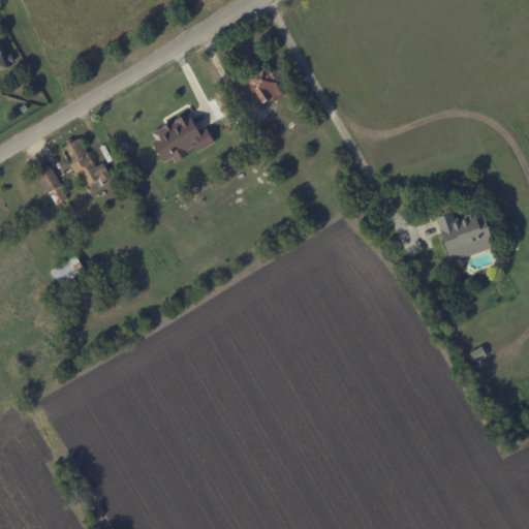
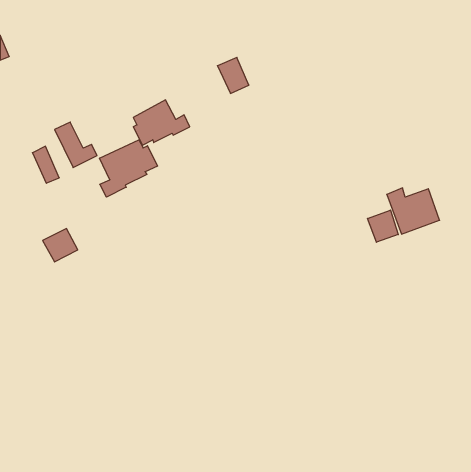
building: none -> [100,140,158,197]
building: none -> [368,210,398,242]

